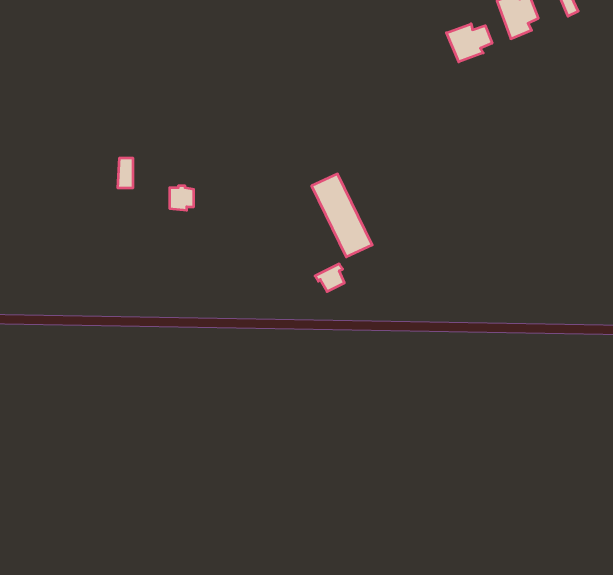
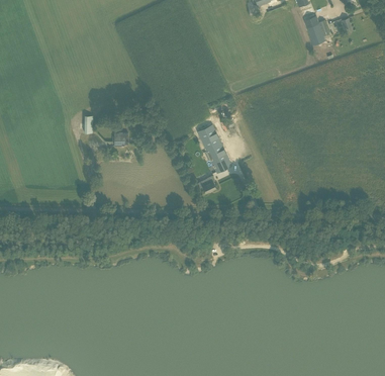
building: [446,24,492,62] -> none

